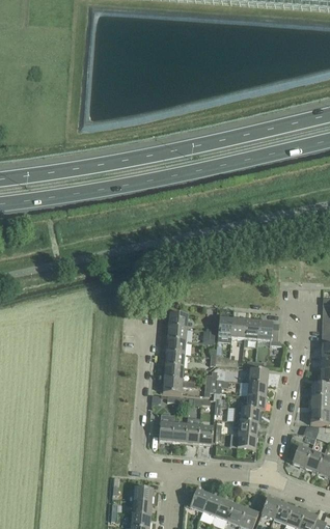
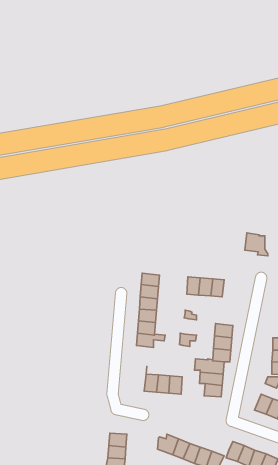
building: [256,319,281,344] -> [245,233,268,256]
building: [153,413,174,441] -> none

